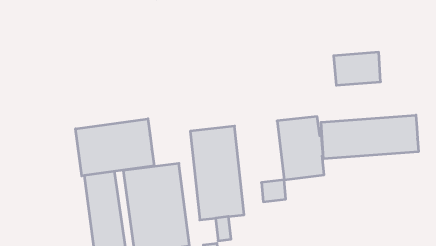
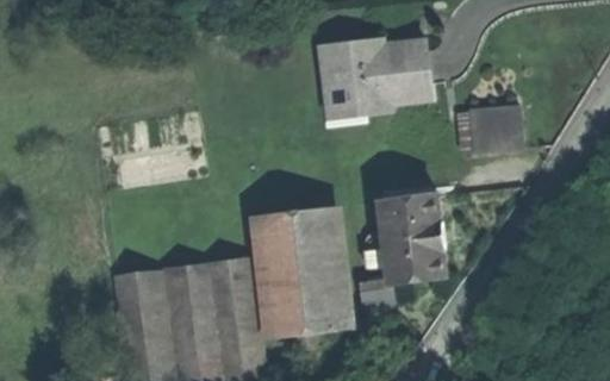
building: none -> [322,40,432,112]
building: [321,115,418,159] -> none
building: [76,119,154,176] -> none

